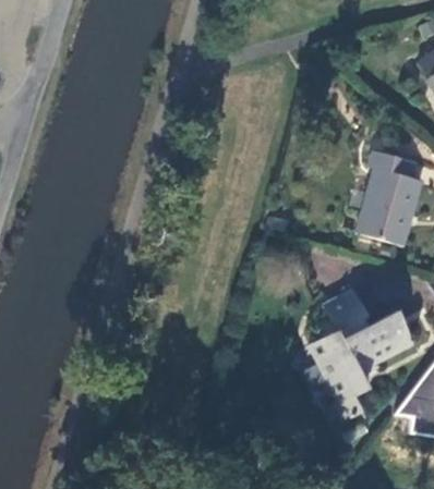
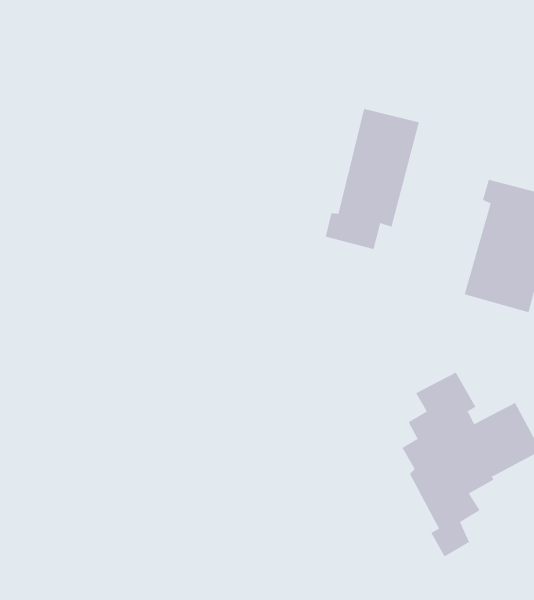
building: none -> [325,108,420,250]

